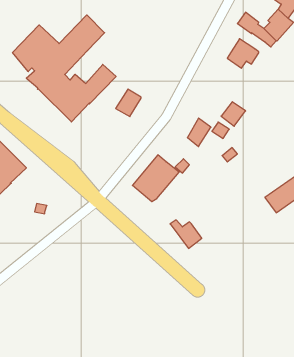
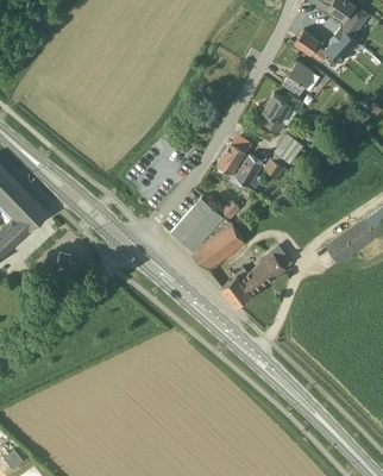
building: [13,15,116,122] -> none
building: none -> [263,93,304,133]
building: [116,89,141,117] -> [216,143,246,175]
building: none -> [193,224,246,271]
building: none -> [240,250,293,295]

